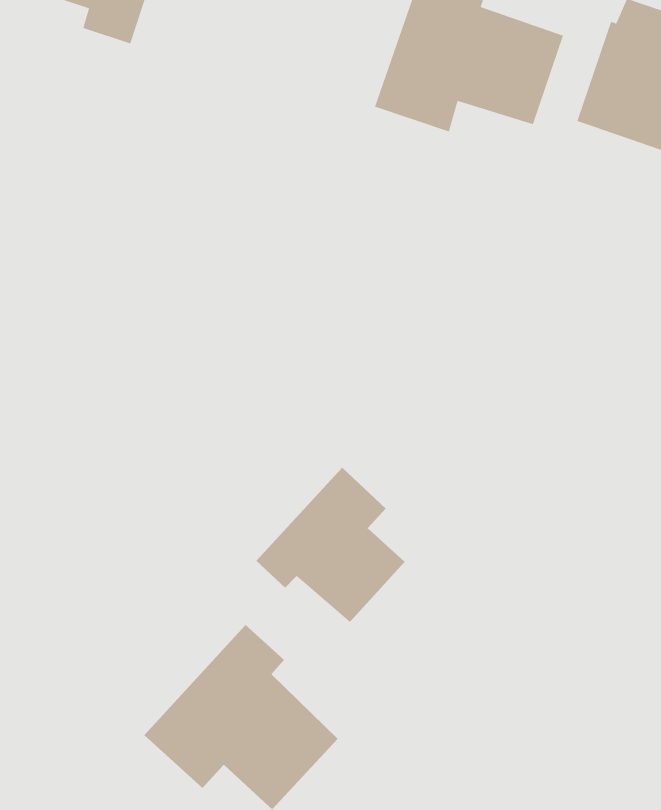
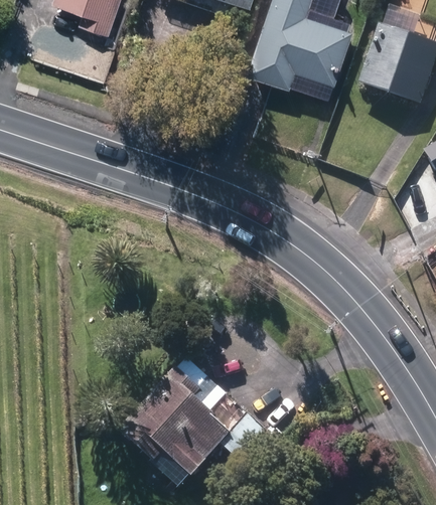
building: [256,467,405,623] -> none

